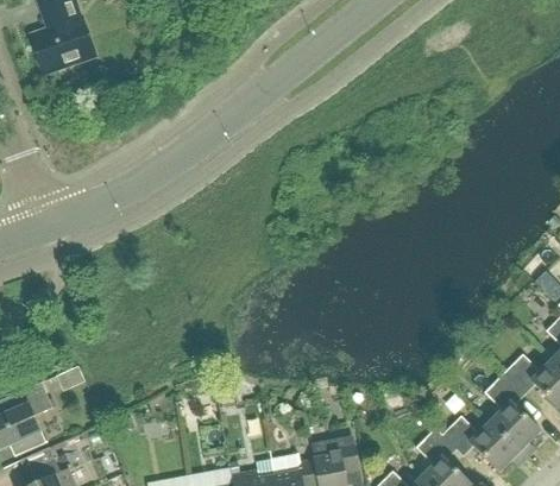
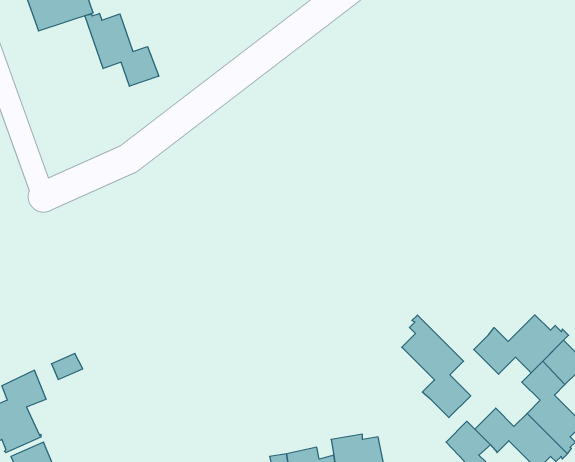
building: none -> [85,13,159,86]
building: none -> [474,315,569,374]
building: none -> [402,315,471,418]

